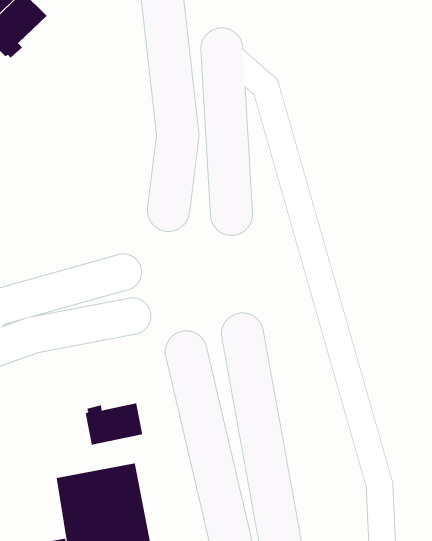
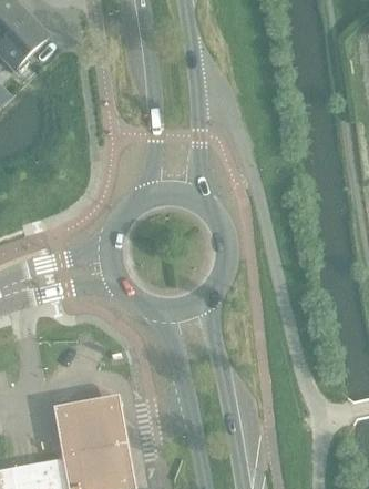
building: [85,402,143,446] -> none

